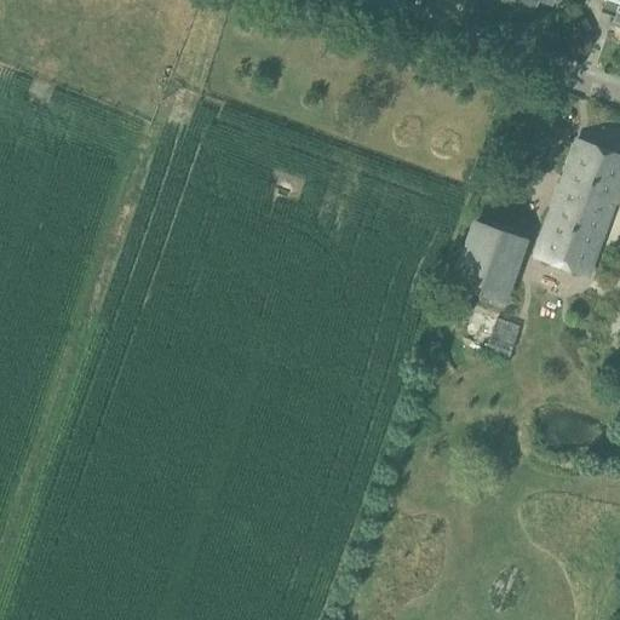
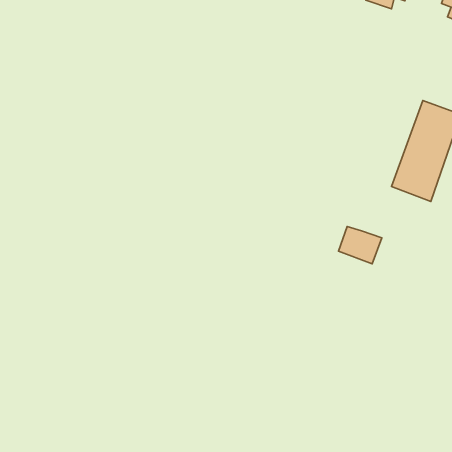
building: [455,219,528,300] -> none

